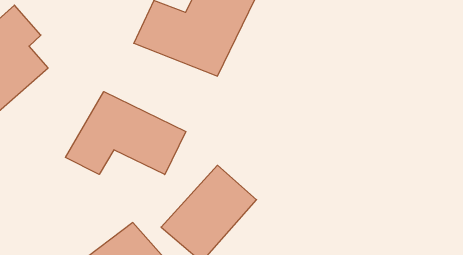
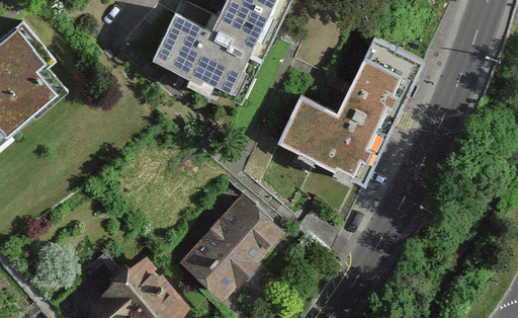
building: none -> [280,37,418,181]
building: [65,92,186,175] -> none

